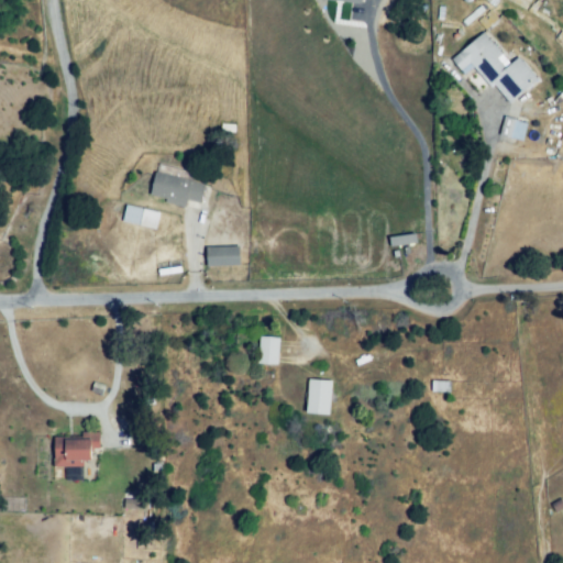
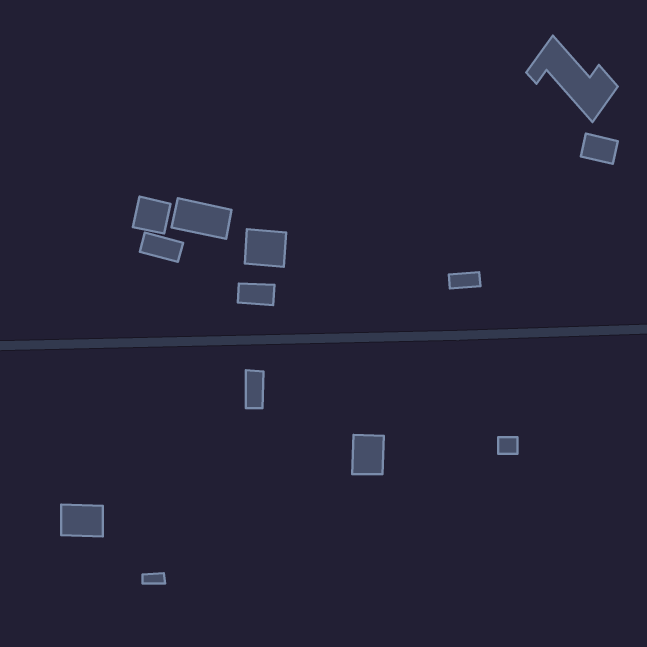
building: none -> [133,196,171,234]
building: none -> [245,229,286,267]
building: [262,334,277,367] -> [246,370,264,408]

